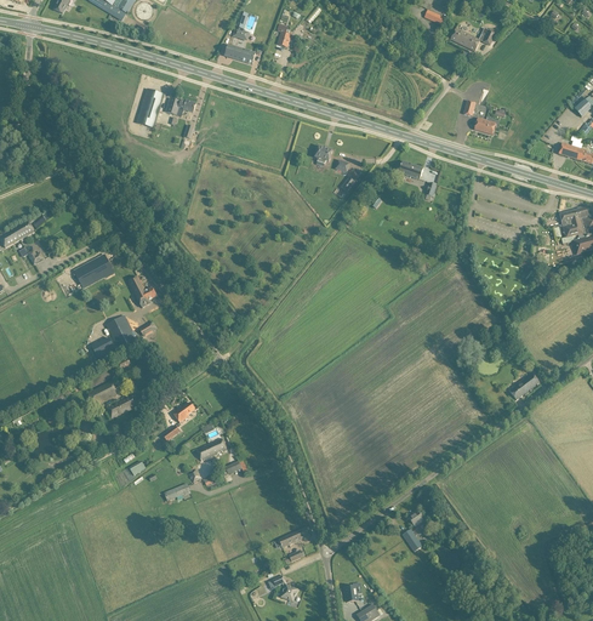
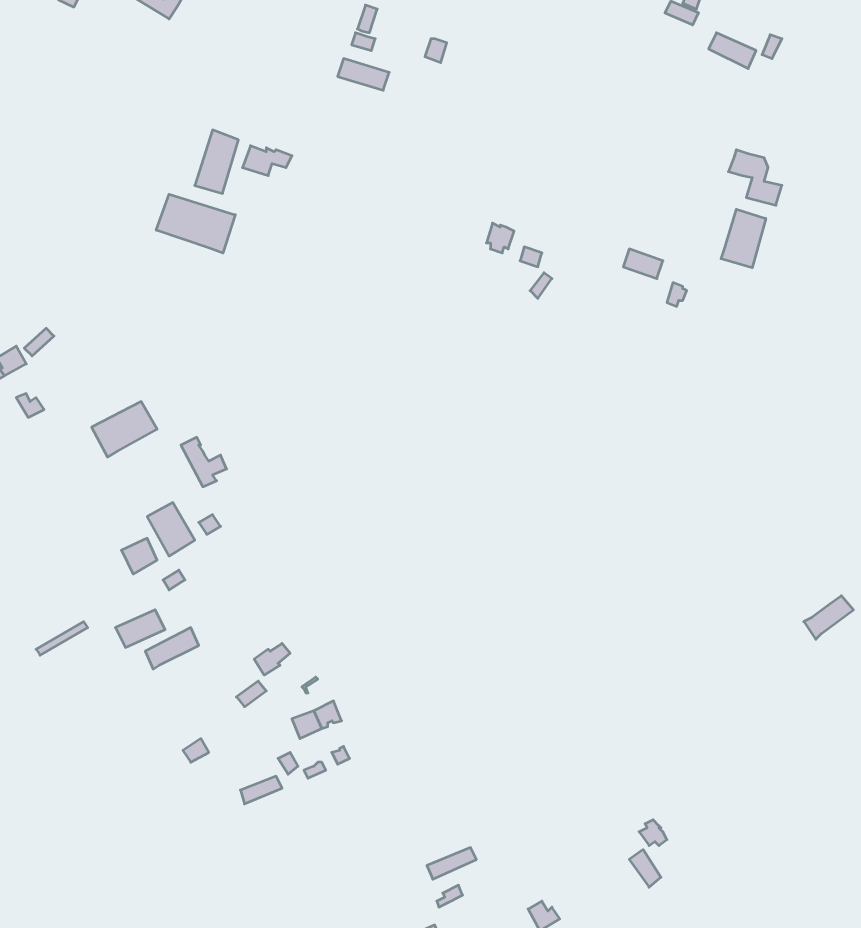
building: none -> [156,194,235,253]
building: none -> [721,209,766,268]

